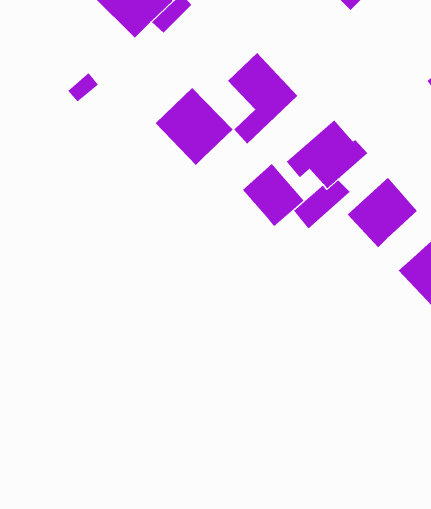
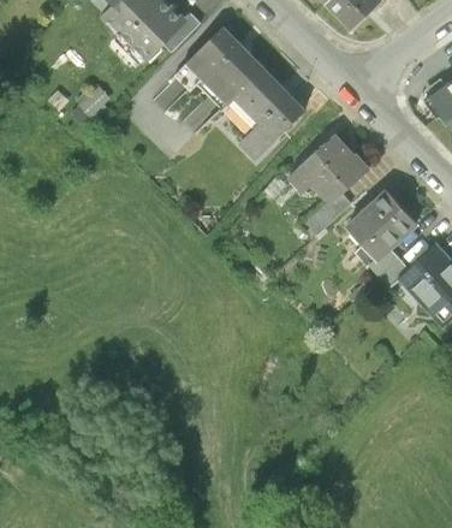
building: [155,87,233,166] -> [186,28,262,103]
building: [242,163,305,227] -> none
building: none -> [370,248,409,286]

